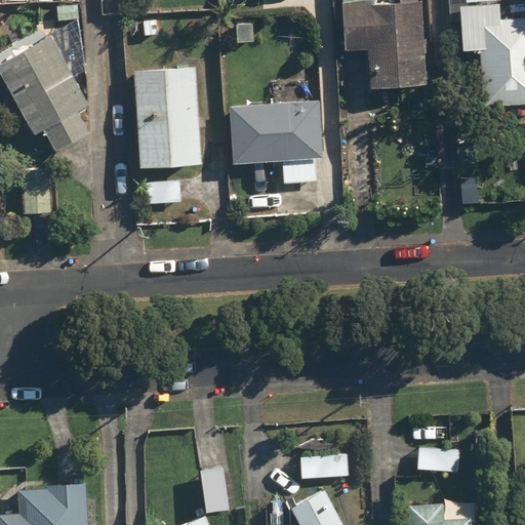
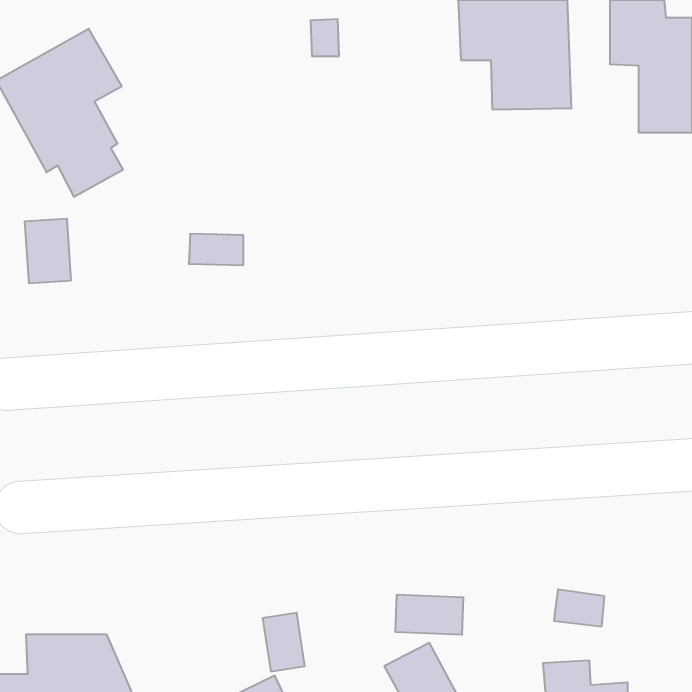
building: [135,67,203,170] -> none
building: [228,86,320,189] -> none

